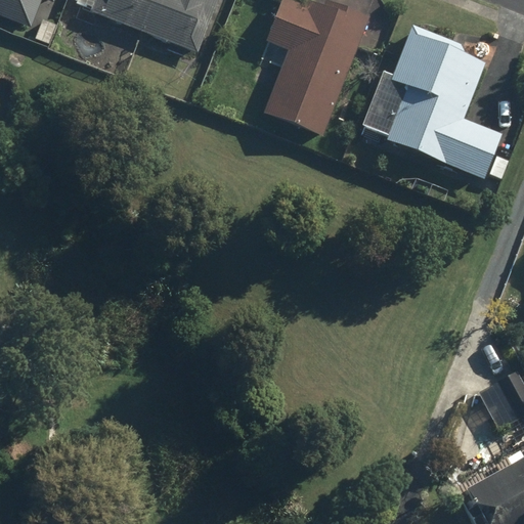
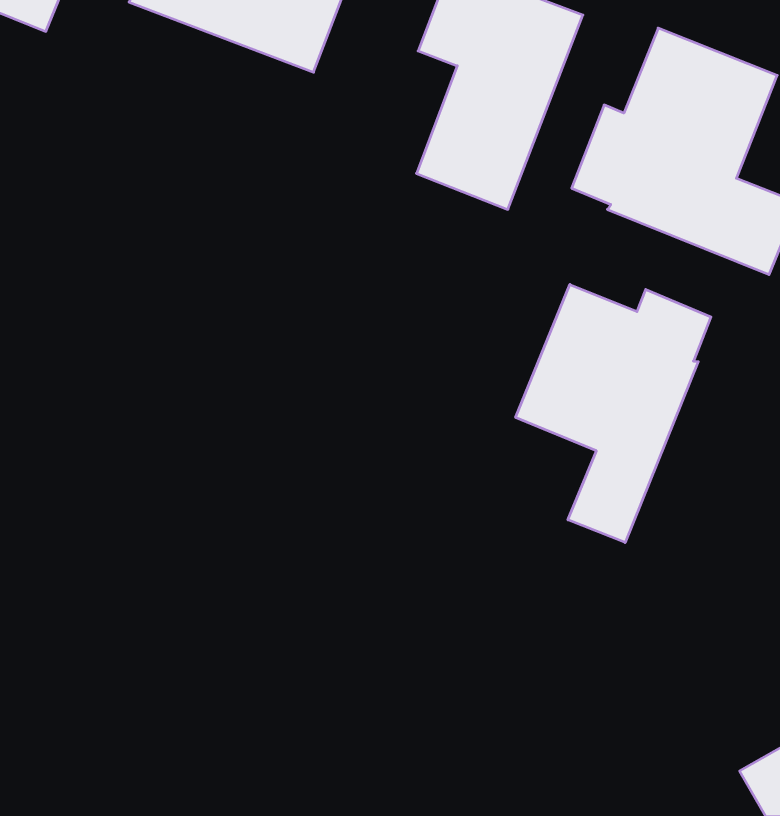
building: none -> [516,284,711,543]

